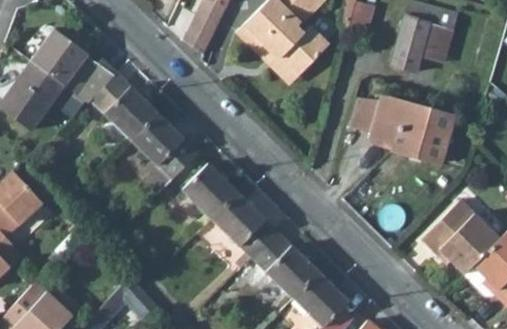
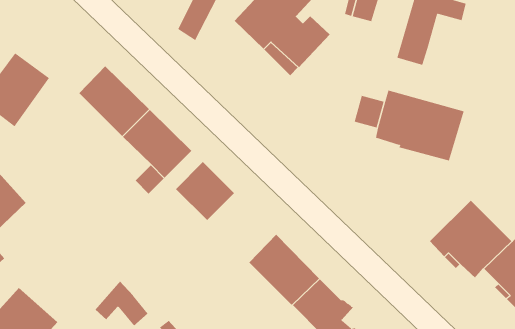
building: [421,25,453,63] -> none
building: [32,28,117,103] -> none
building: [213,193,278,258] -> none

